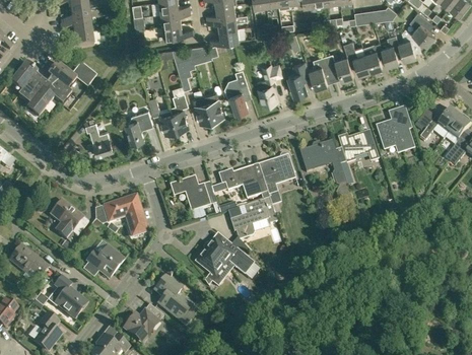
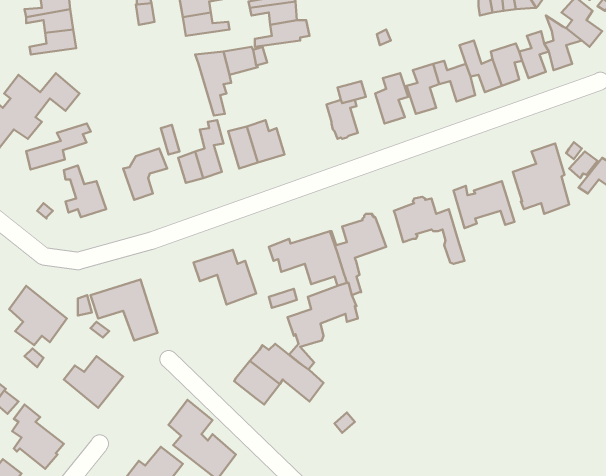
building: [226,74,252,113] -> none
building: none -> [26,123,91,169]

